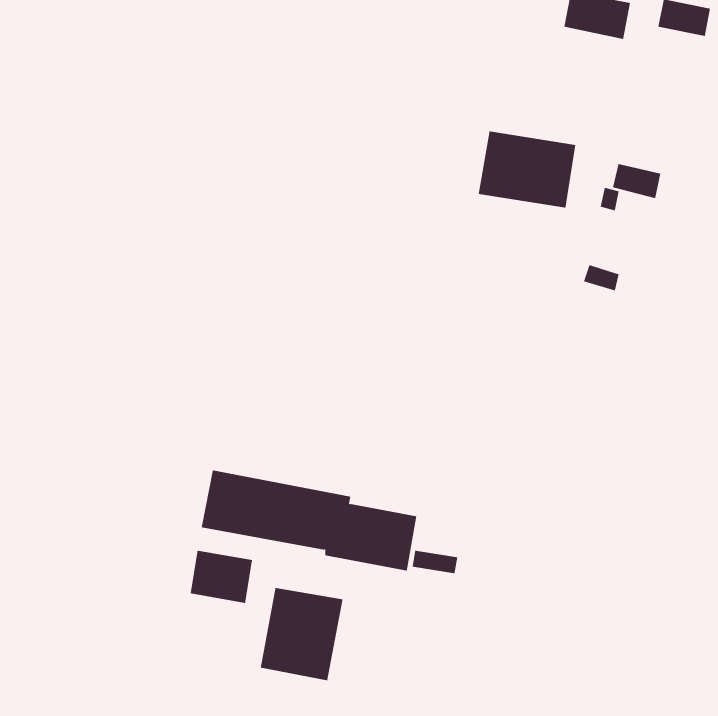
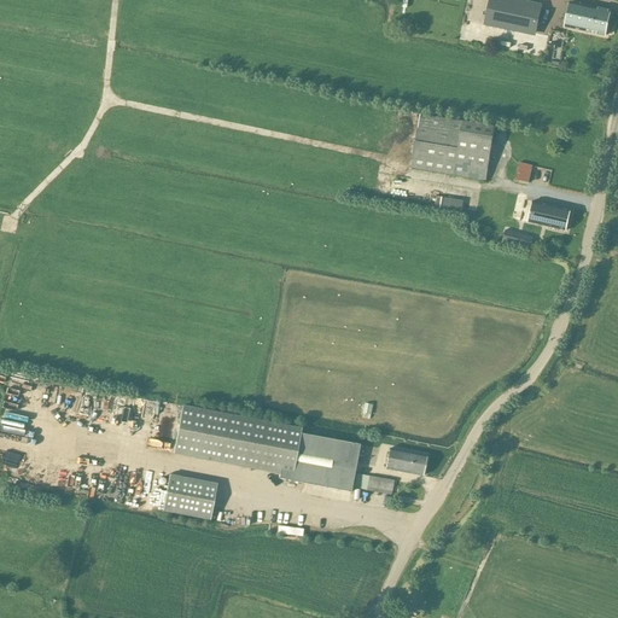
building: [612,164,661,199] -> [529,199,571,229]
building: none -> [385,447,426,473]
building: [260,587,343,681] -> none

